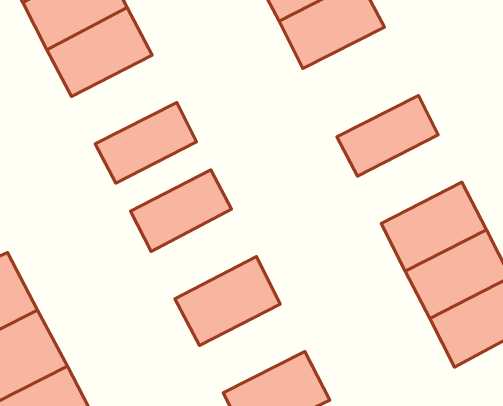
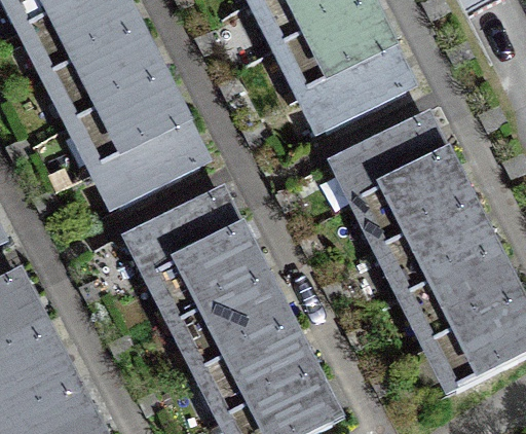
building: none -> [318,46,419,126]
building: none -> [88,74,193,162]
building: none -> [373,153,477,242]
building: none -> [167,227,272,317]
building: none -> [216,322,321,410]

